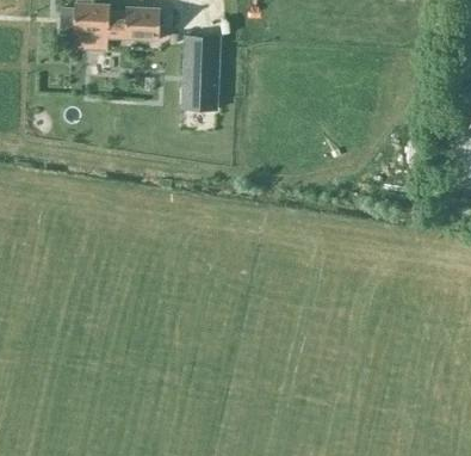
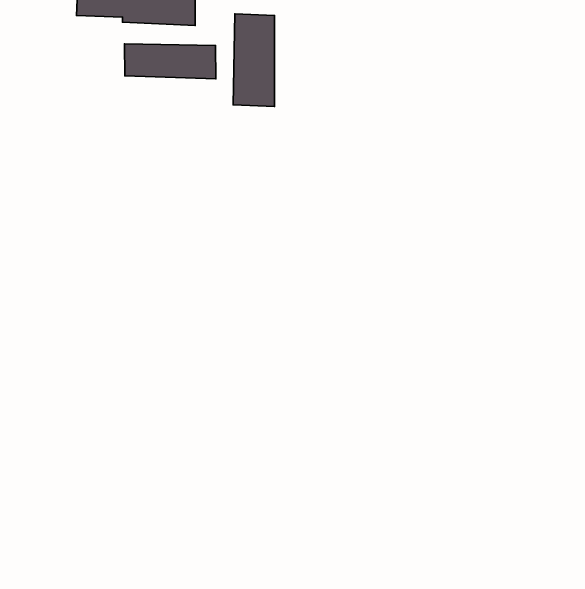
building: none -> [125,44,216,79]

